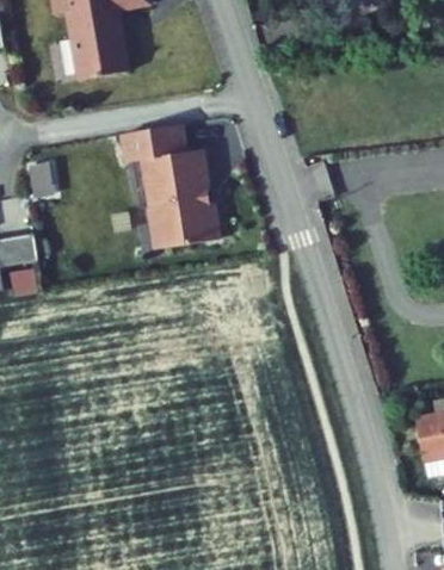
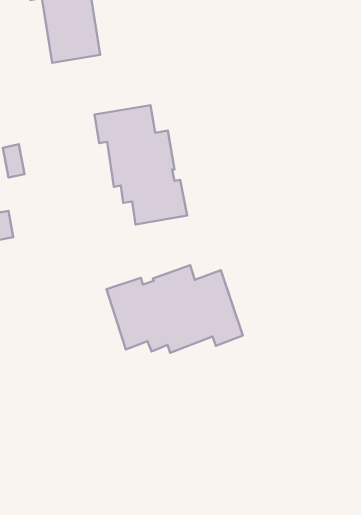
building: none -> [106,265,243,353]

